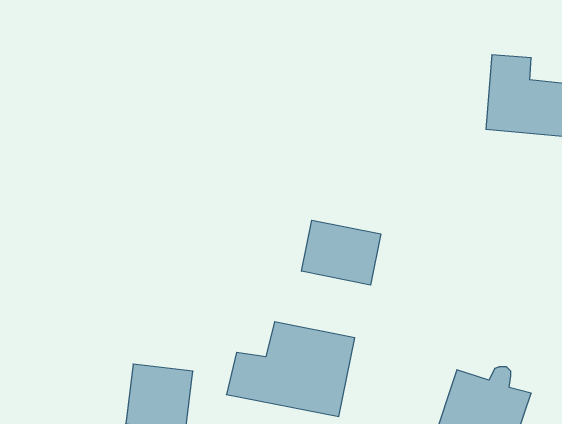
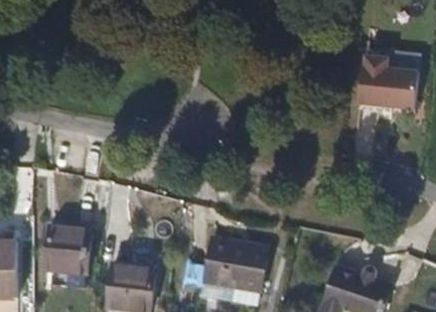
building: [302,220,381,285] -> none
building: none -> [45,225,91,271]

